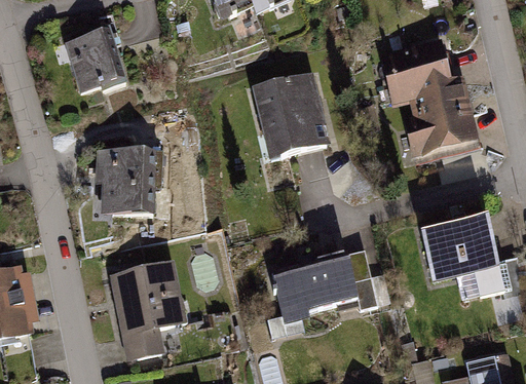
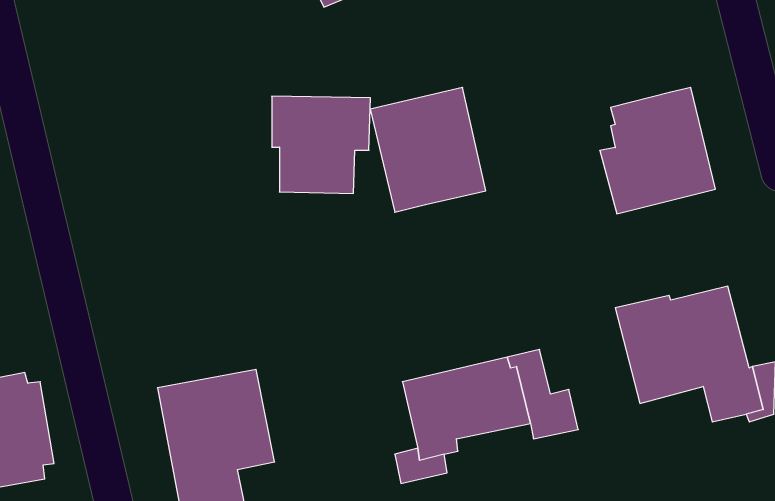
building: [65,25,128,90] -> none
building: [378,37,451,104] -> none
building: [97,149,162,214] -> [272,96,370,193]

